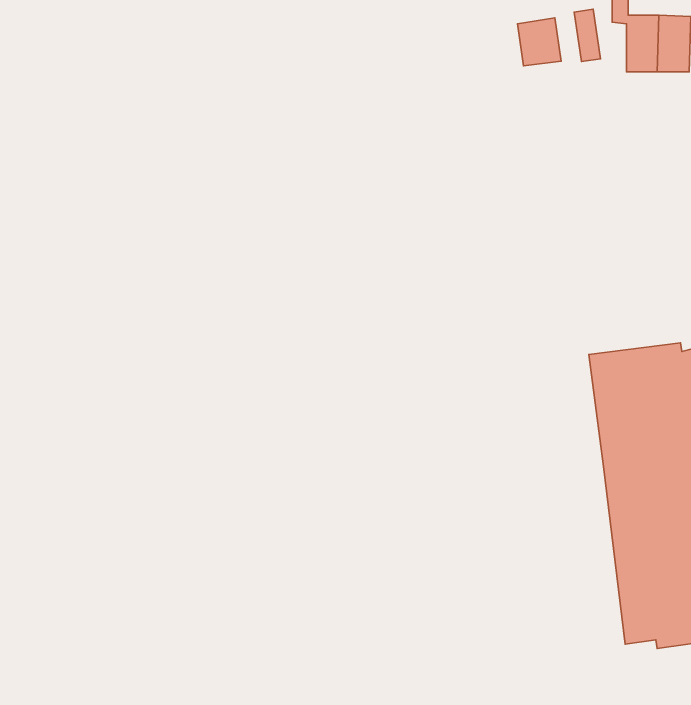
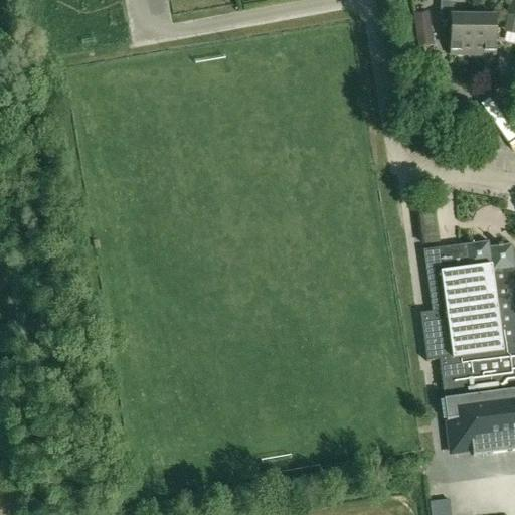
building: [517,18,561,66] -> none

